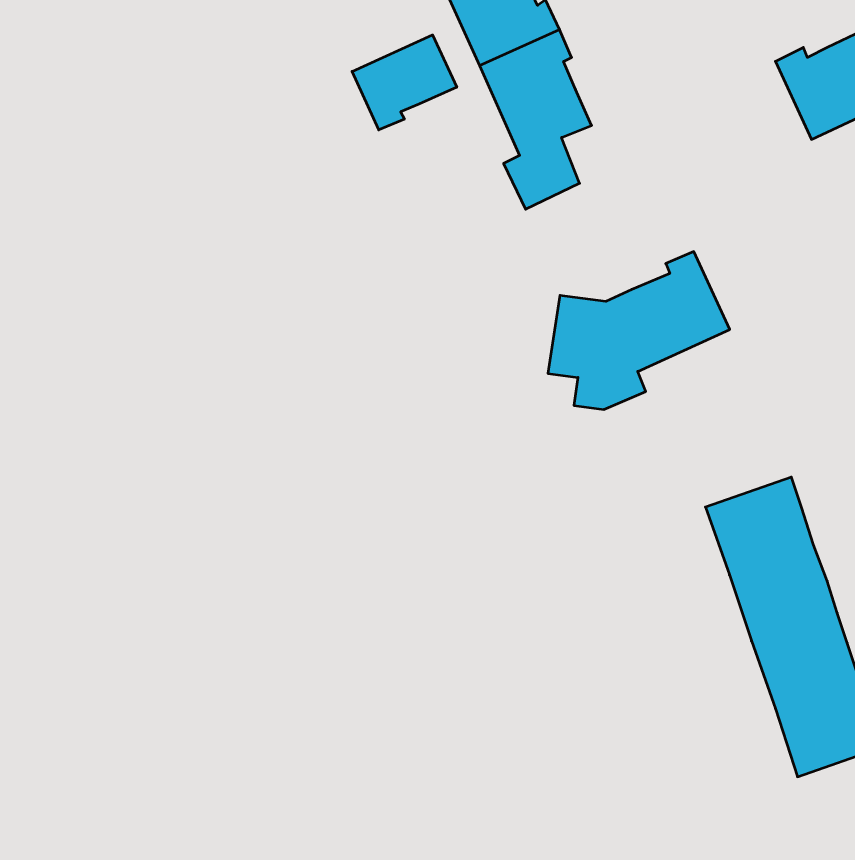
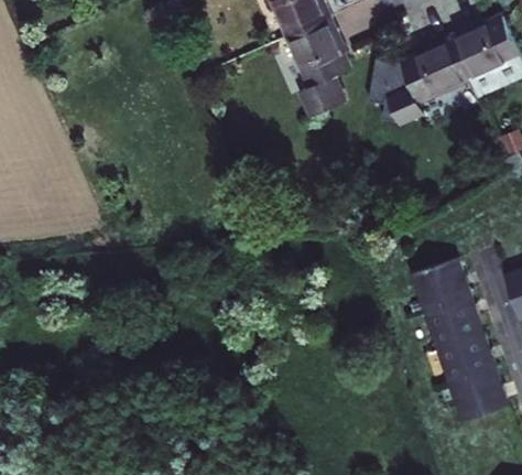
building: [352,35,457,130] -> none
building: [548,252,730,409] -> [370,34,470,121]

